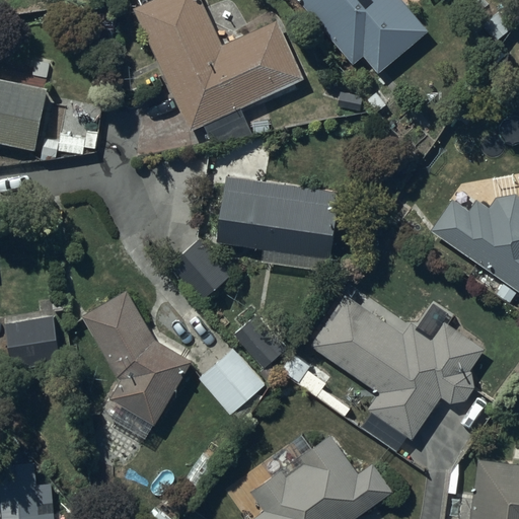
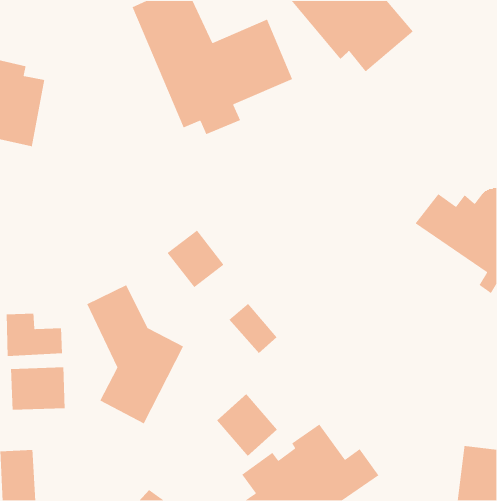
building: [218,177,339,256] -> none
building: [312,296,485,440] -> none
building: [202,348,266,414] -> [216,393,278,457]
building: none -> [10,366,66,411]

